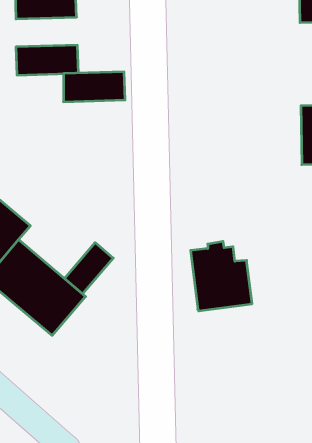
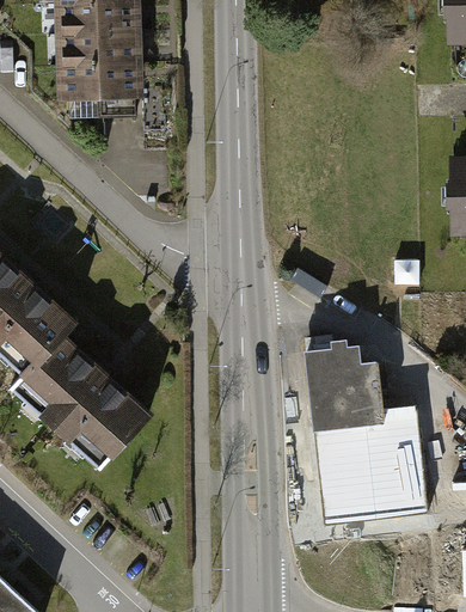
building: [63,72,125,102] -> [65,41,146,80]
building: [64,243,113,294] -> none
building: none -> [306,416,424,524]

